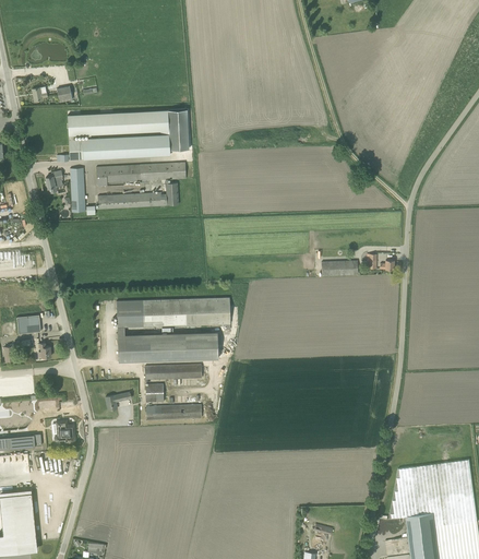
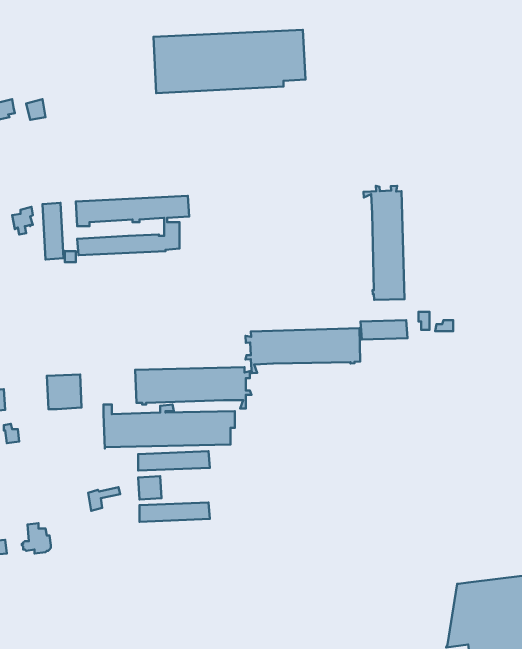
building: [68,110,188,160] -> [154,30,306,93]
building: none -> [363,186,405,300]
building: none -> [245,328,360,373]
building: [117,300,144,328] -> [47,375,82,409]

